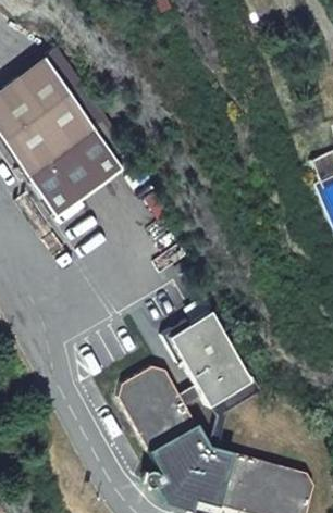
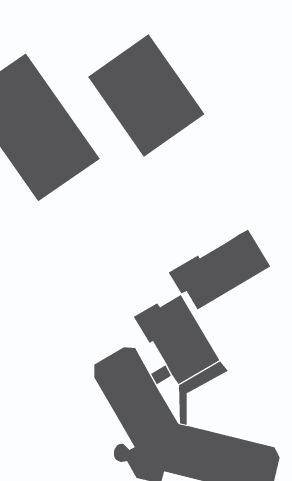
building: none -> [87,33,205,158]
building: none -> [168,229,271,311]

